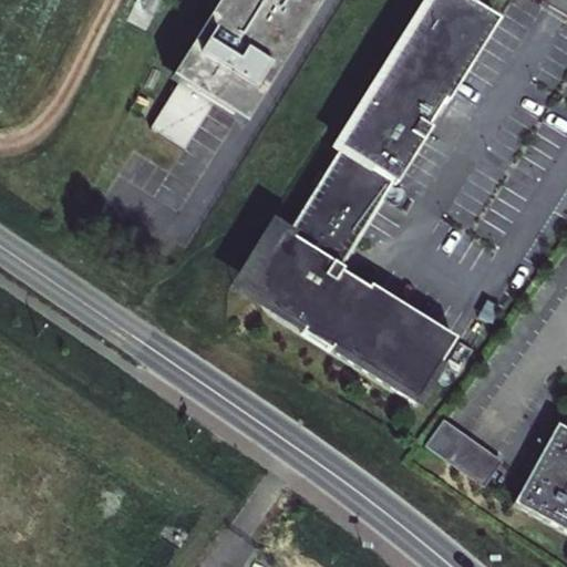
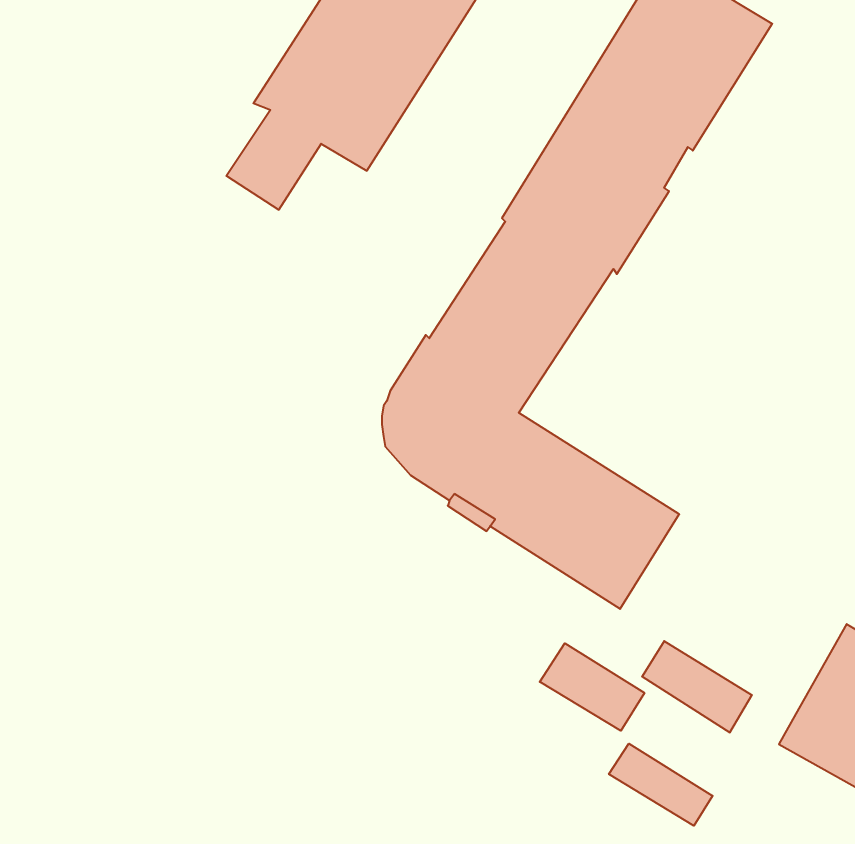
building: none -> [540,643,644,731]
building: none -> [609,744,713,826]

